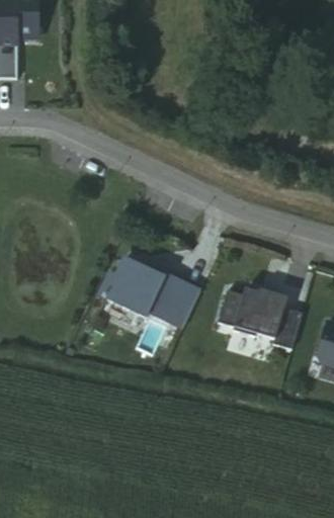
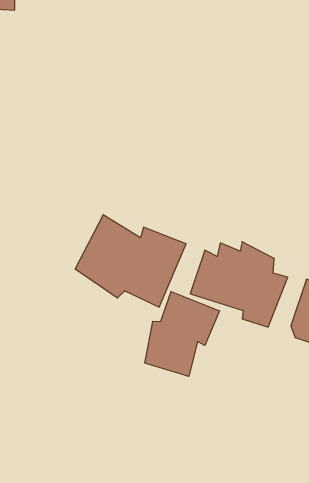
building: none -> [145,291,220,376]

